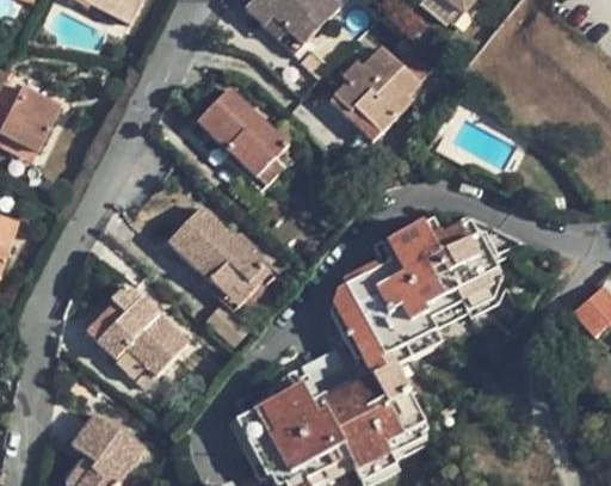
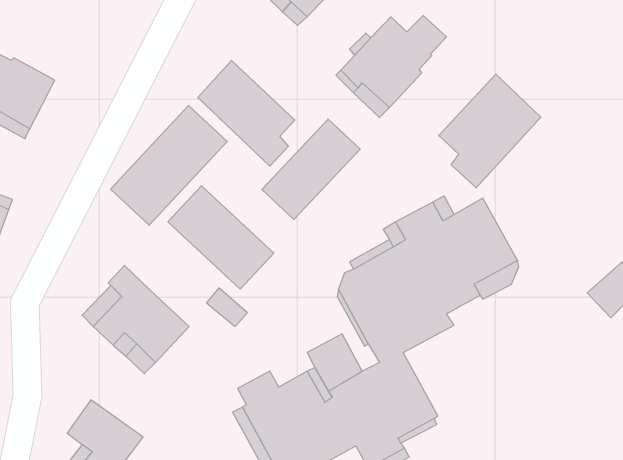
building: none -> [439,74,541,188]
building: none -> [111,106,227,225]
building: none -> [262,119,360,220]

